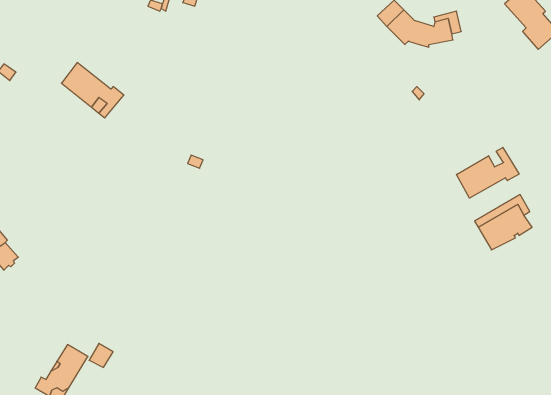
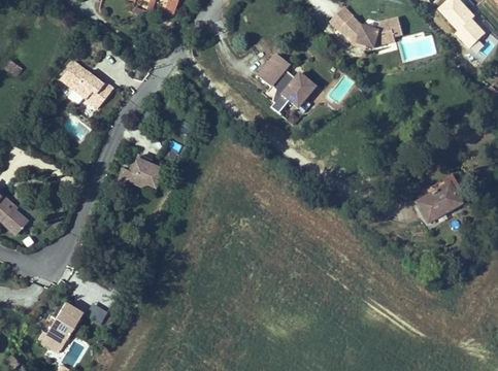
building: none -> [258,54,313,112]
building: [456,147,519,198] -> none
building: none -> [117,155,160,188]

